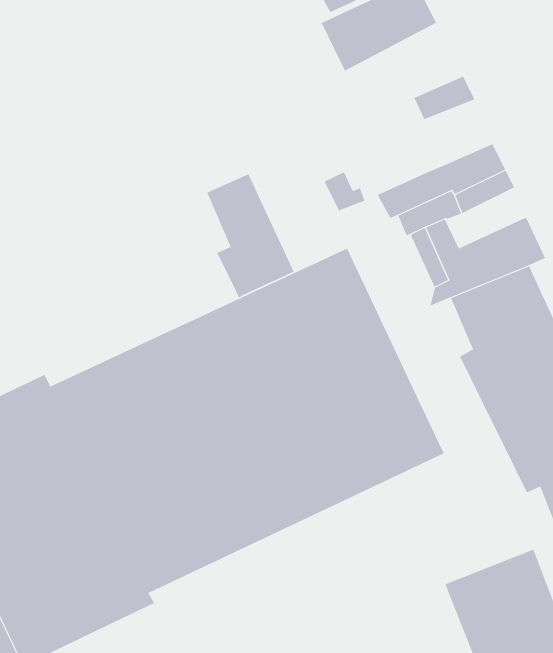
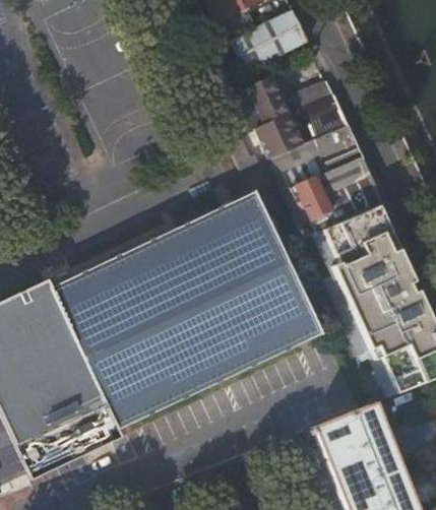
building: none -> [303,90,351,136]
building: [206,173,295,298] -> [245,72,306,158]
building: none -> [318,151,374,193]

